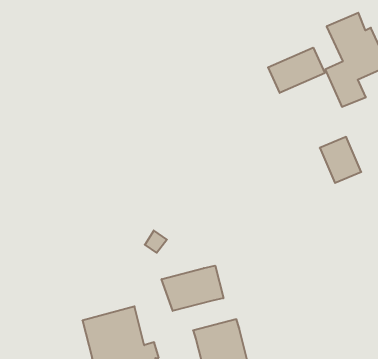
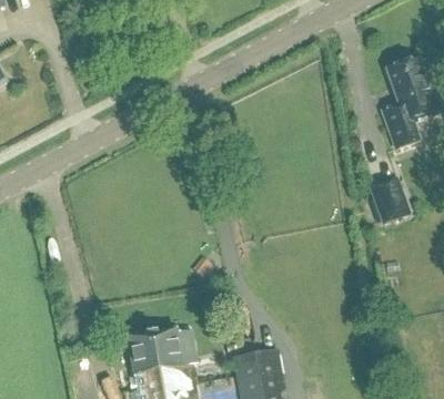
building: [268,48,325,93] -> none
building: [162,266,223,311] -> none

